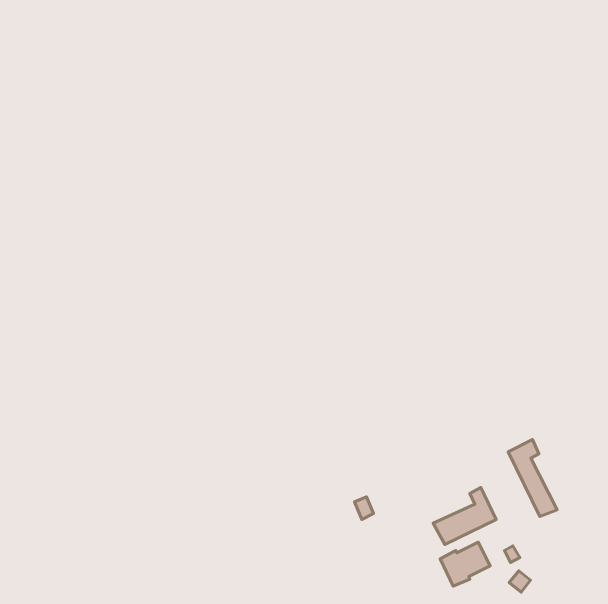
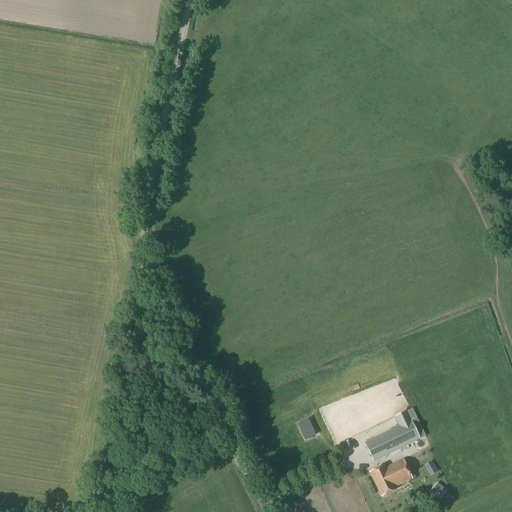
building: [508,440,557,517] -> none

